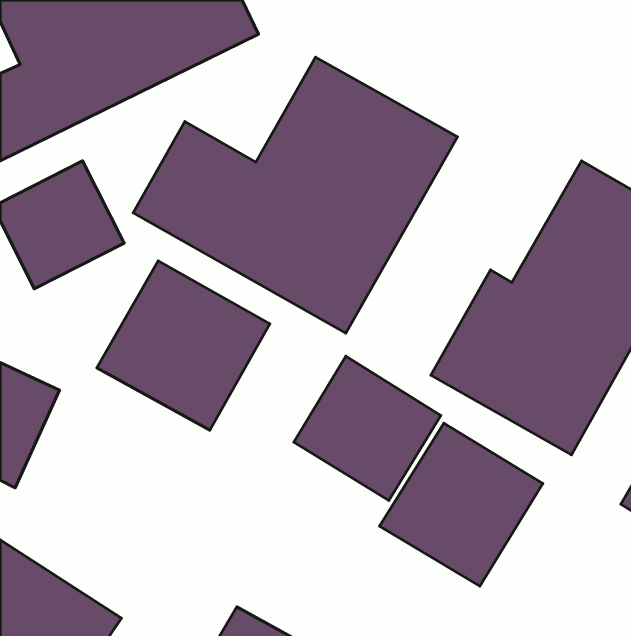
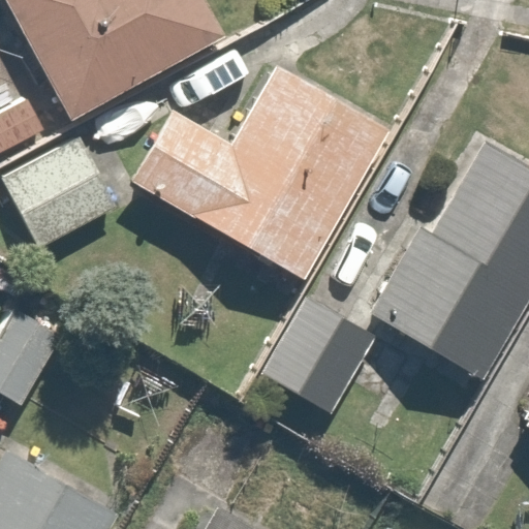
building: [97,261,270,430] -> none
building: [380,423,543,586] -> none

